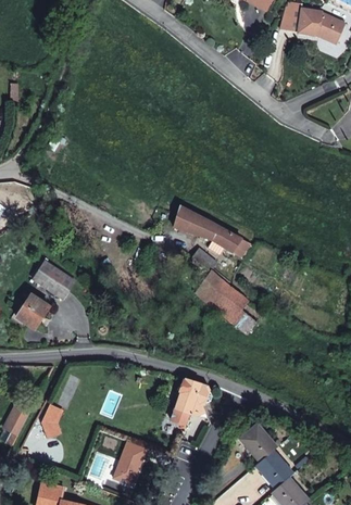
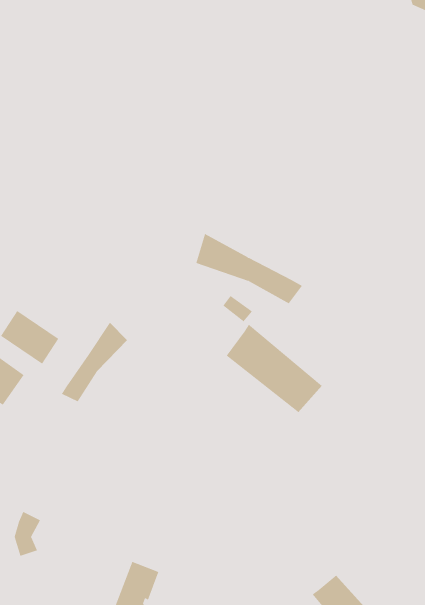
building: none -> [61,322,128,402]
building: [170,377,212,428] -> none
building: [240,422,277,460] -> none

